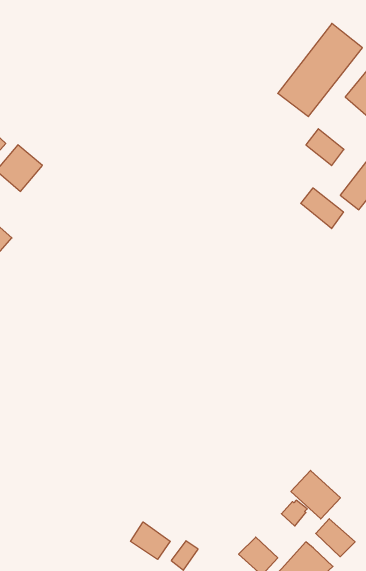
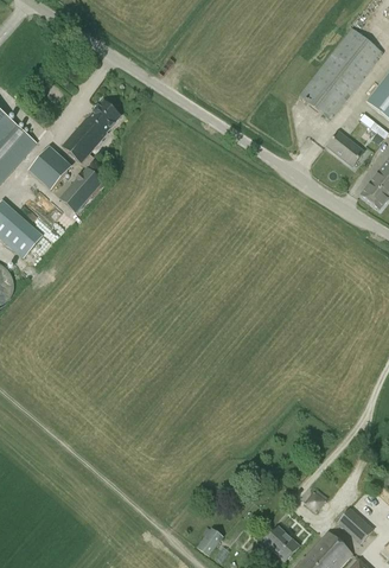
building: none -> [58,100,121,211]
building: [301,188,343,229] -> none
building: [291,470,340,519] -> none
building: [131,522,170,559] -> none

